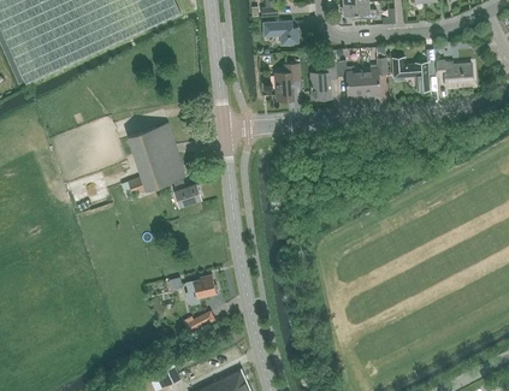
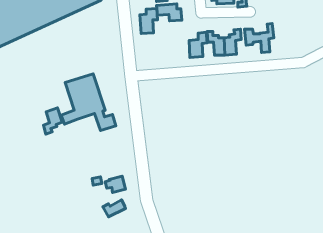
building: [437,60,473,85] -> none
building: [274,63,301,100] -> [140,8,158,34]
building: none -> [43,108,62,134]

